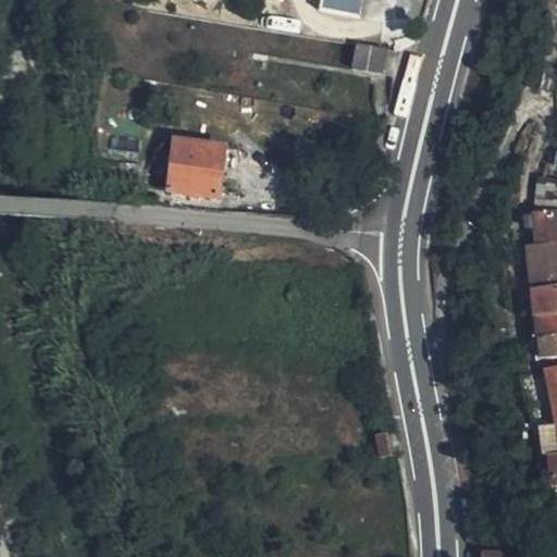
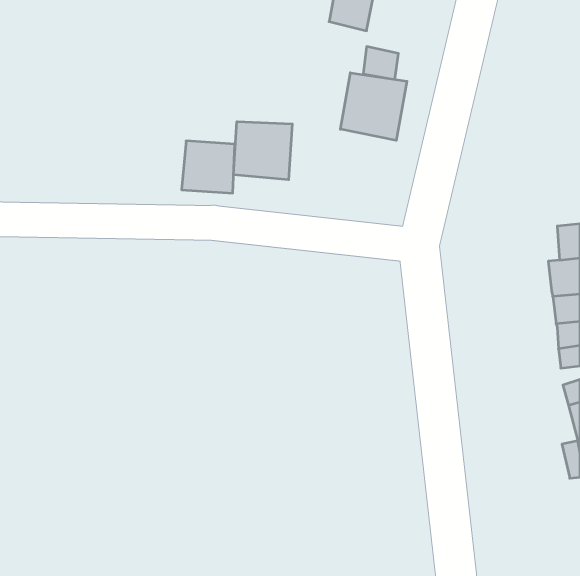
building: none -> [340,73,407,140]
building: none -> [234,122,292,180]

